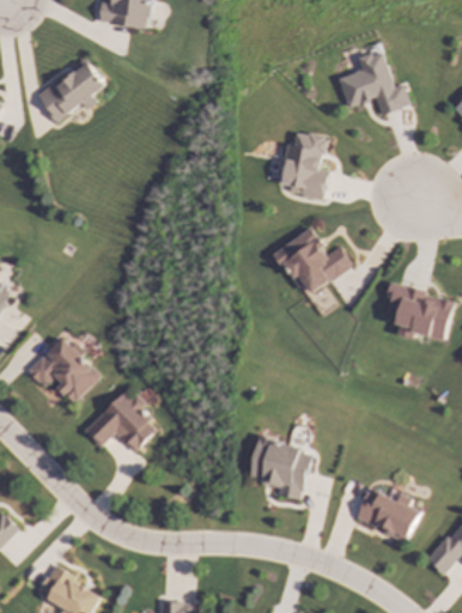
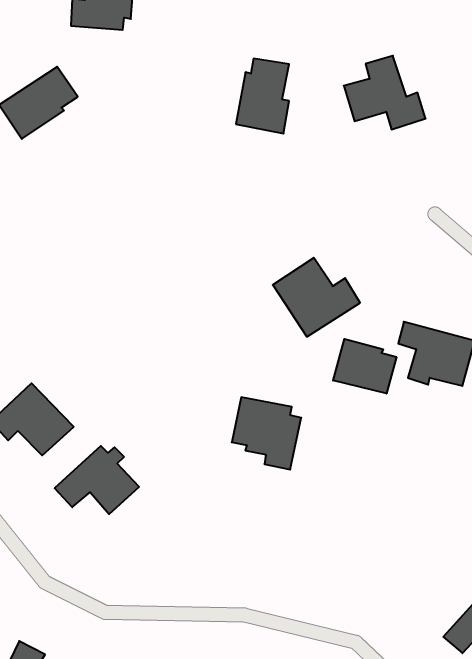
building: [280,132,327,198] -> [236,59,289,134]
building: none -> [333,339,396,394]
building: [248,437,309,500] -> [232,397,301,470]
building: [354,490,419,542] -> none

